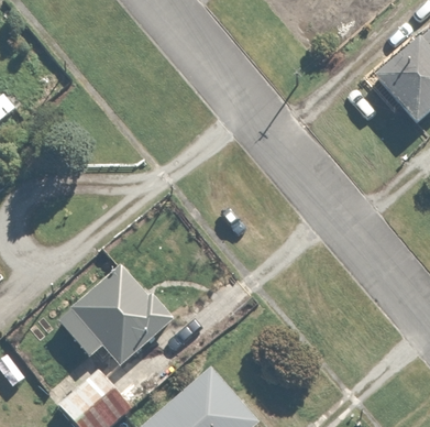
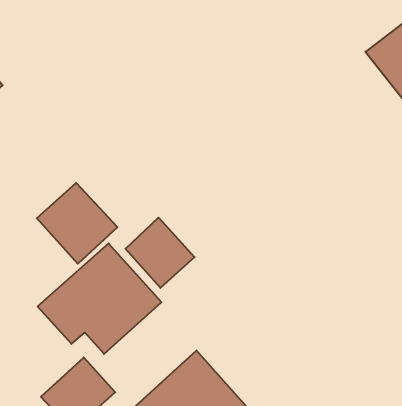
building: none -> [37,183,117,264]
building: none -> [125,218,195,288]

